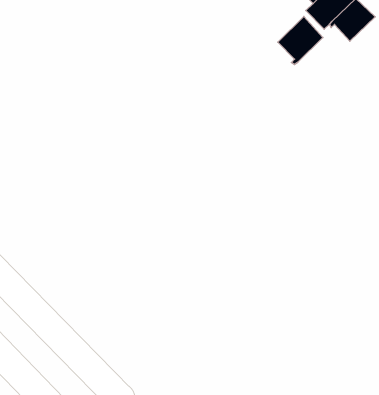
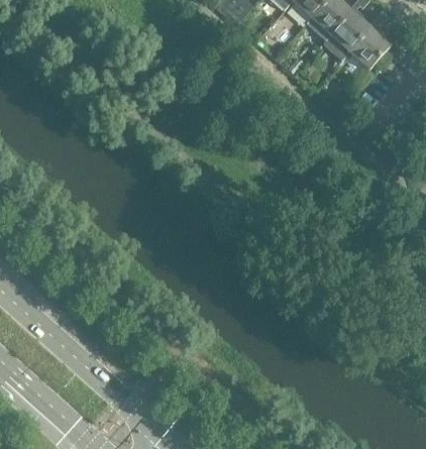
building: [278,16,323,64] -> none

